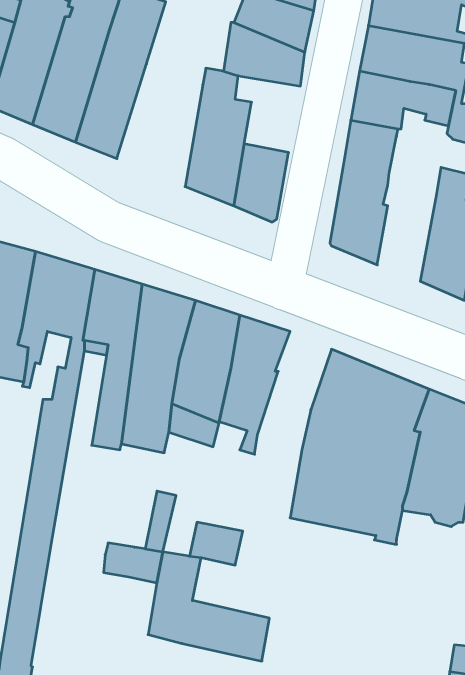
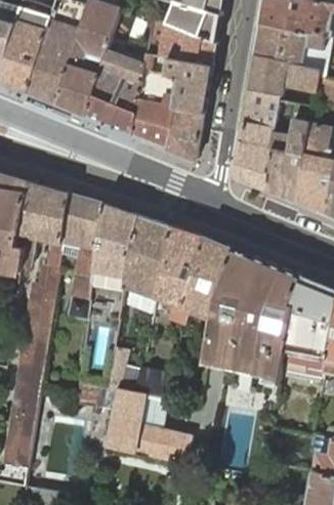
building: none -> [85,51,144,136]
building: none -> [167,59,212,113]
building: none -> [265,119,309,202]
building: none -> [180,237,234,324]

